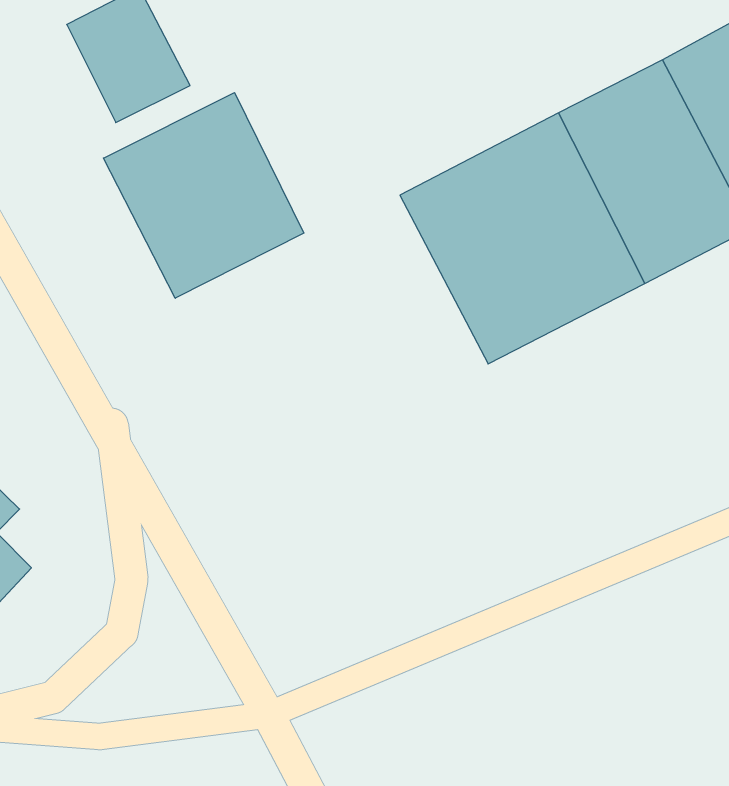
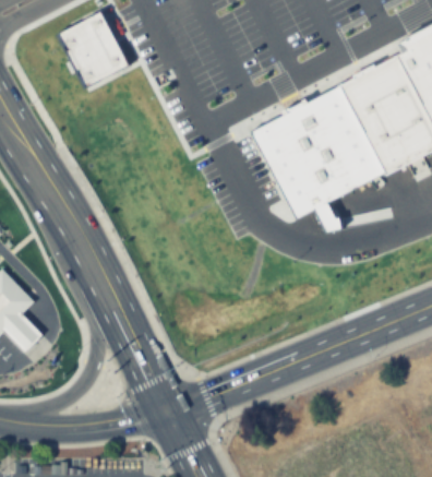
building: [103,93,304,298] -> none

